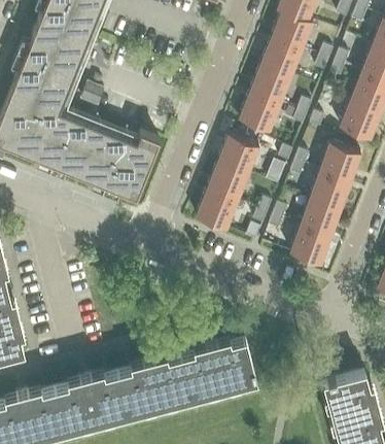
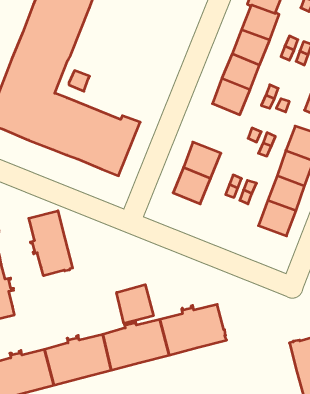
building: [217,135,258,174] -> none
building: none -> [29,211,73,276]
building: none -> [117,285,153,323]

